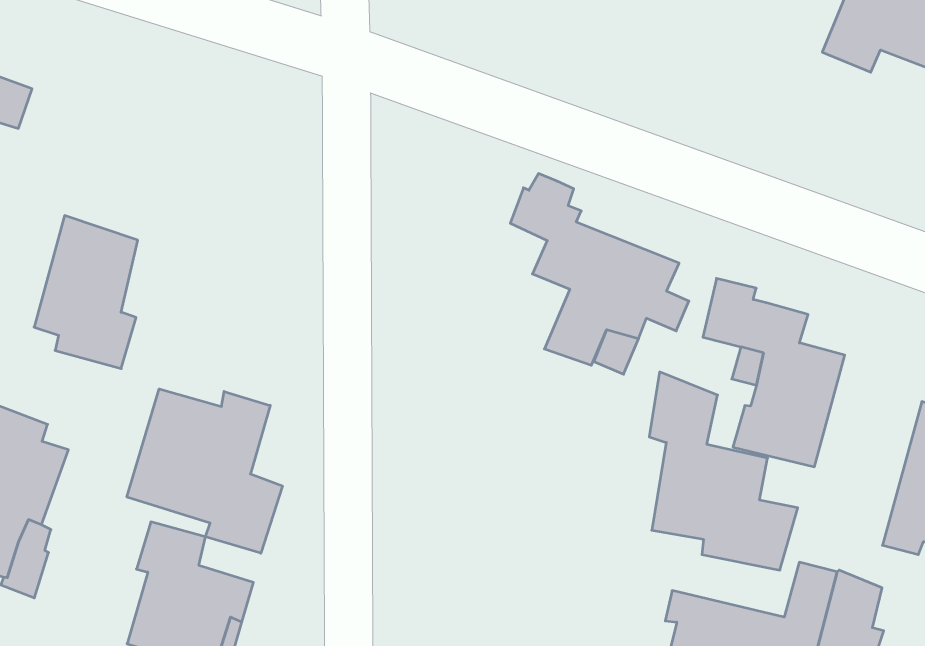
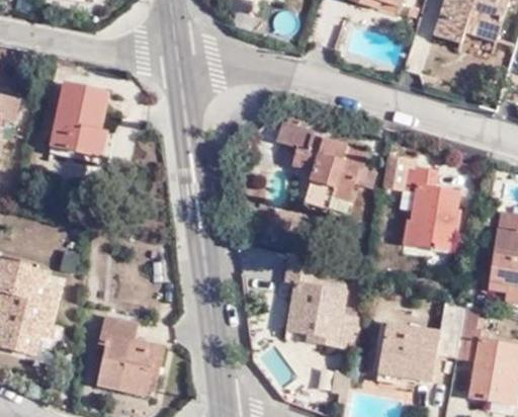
building: [34,216,138,369] -> [57,80,109,157]
building: [649,372,798,570] -> [282,255,363,352]
building: [127,389,282,553] -> none

